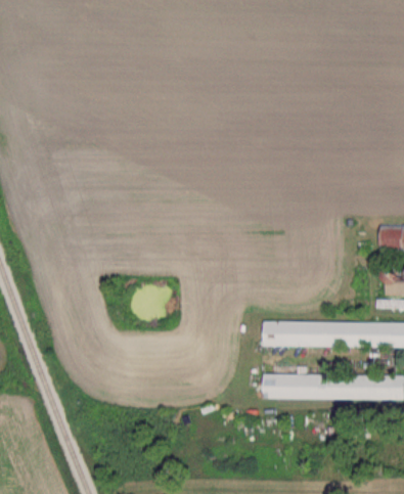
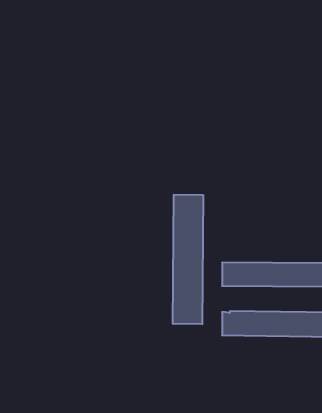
building: none -> [173,195,203,324]

